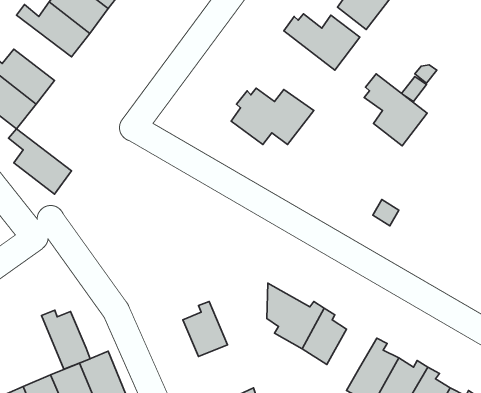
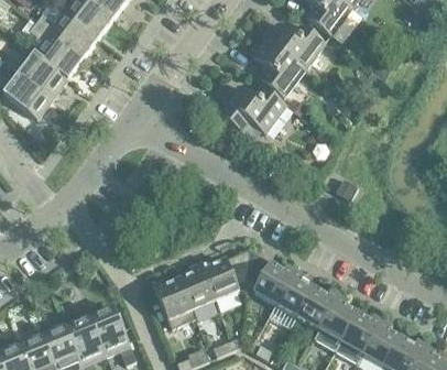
building: [364,74,427,146] -> [251,36,304,97]
building: [9,129,72,194] -> [30,23,83,78]
building: none -> [198,249,248,303]
building: [42,310,90,369] -> [152,279,193,328]
building: none -> [297,287,339,329]

